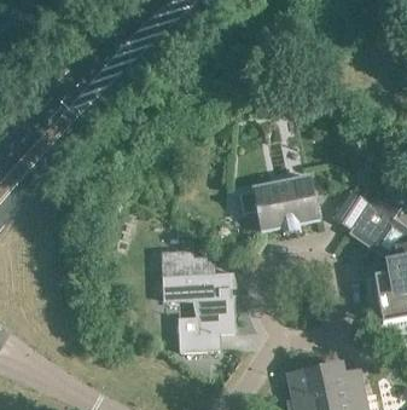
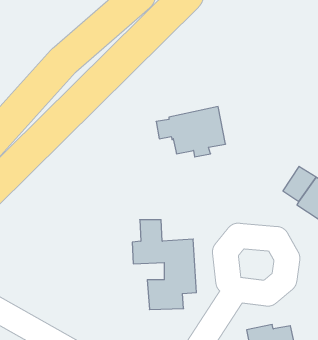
building: [240,177,319,233] -> [156,107,226,157]

